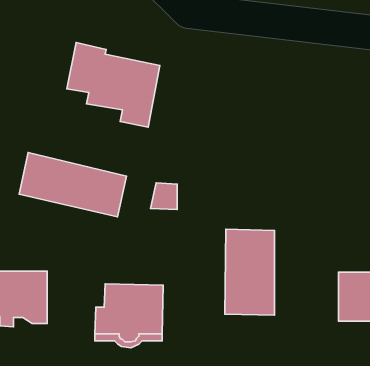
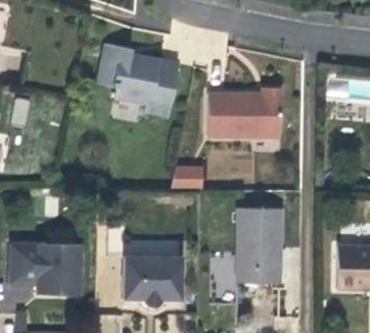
building: none -> [207,88,282,136]
building: [19,152,126,217] -> none

